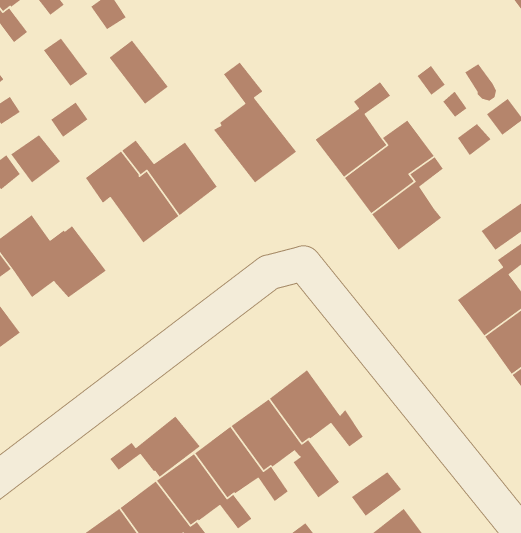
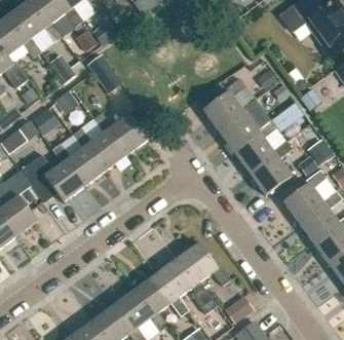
building: [213,62,297,184] -> none
building: none -> [251,140,293,195]
building: none -> [52,142,107,185]
building: [109,415,201,478] -> none

